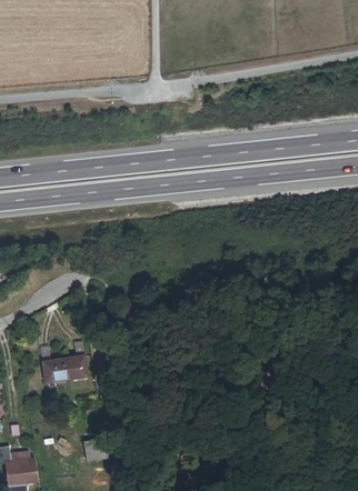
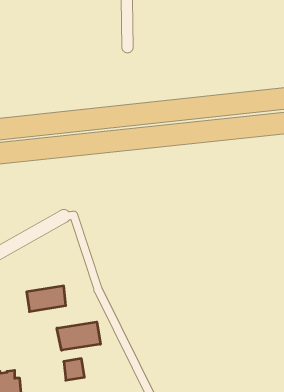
building: none -> [57,322,100,350]

